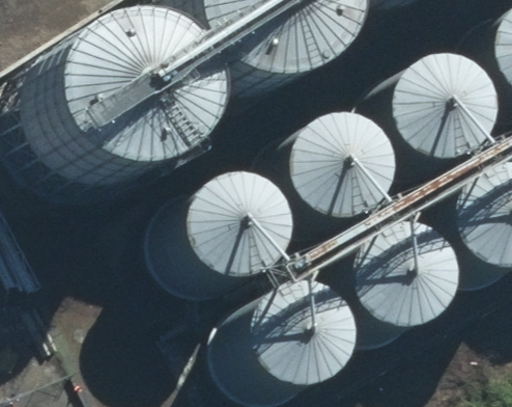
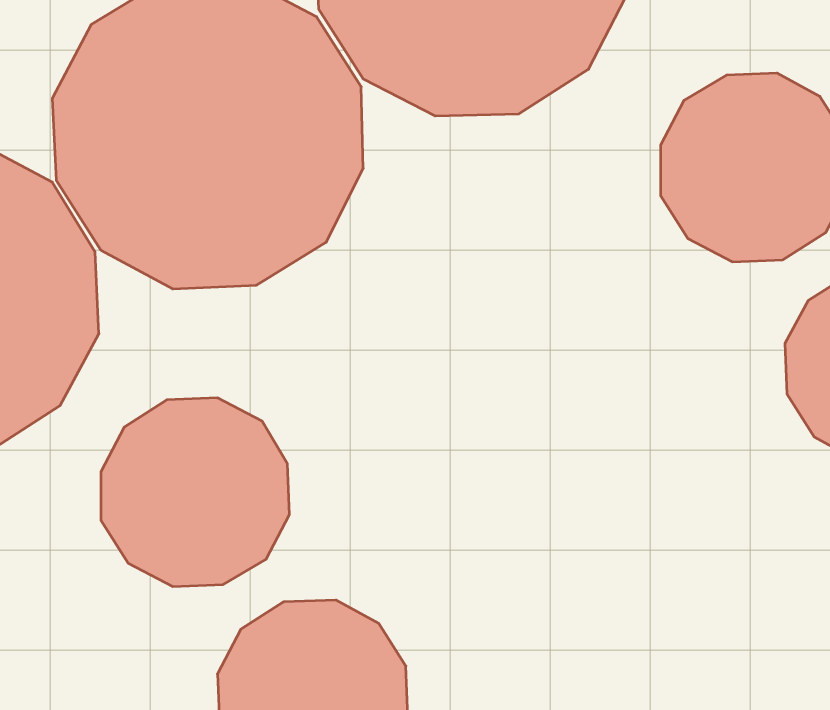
building: [294,113,396,214] -> none
building: [196,166,297,268] -> none
building: [355,217,457,319] -> none
building: [257,276,359,378] -> none

